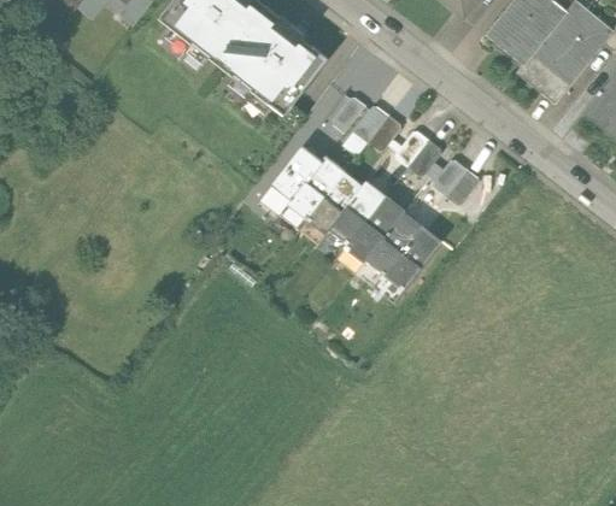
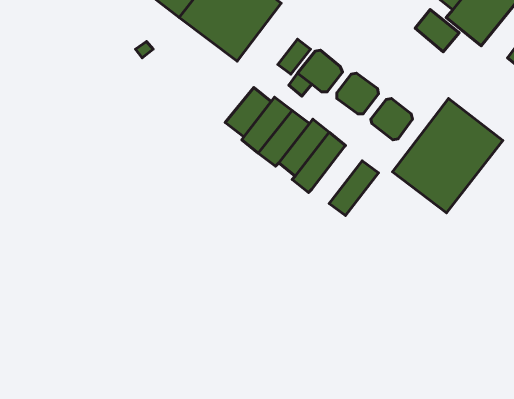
building: none -> [415,9,459,52]
building: none -> [392,98,503,213]
building: [366,212,422,275] -> none

